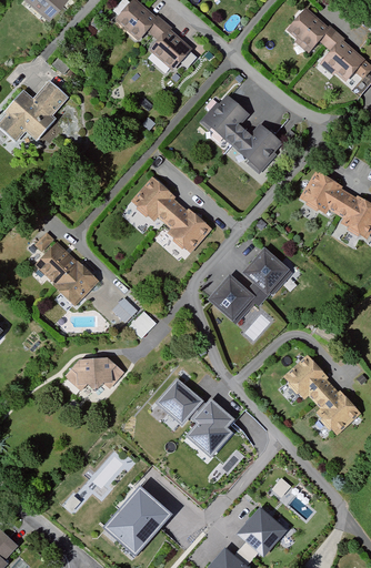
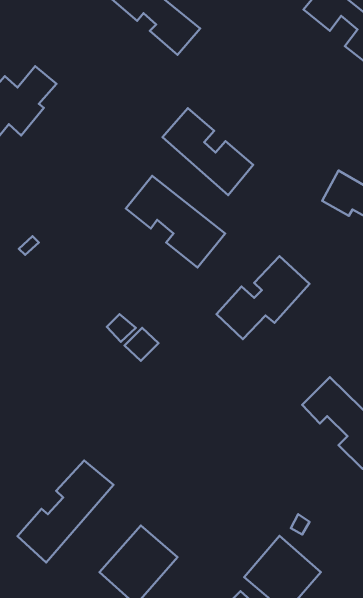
building: [203,94,283,171] -> [163,108,253,195]
building: [32,240,98,305] -> none
building: [64,357,124,390] -> none
building: [159,377,232,454] -> none
building: none -> [18,461,114,562]

